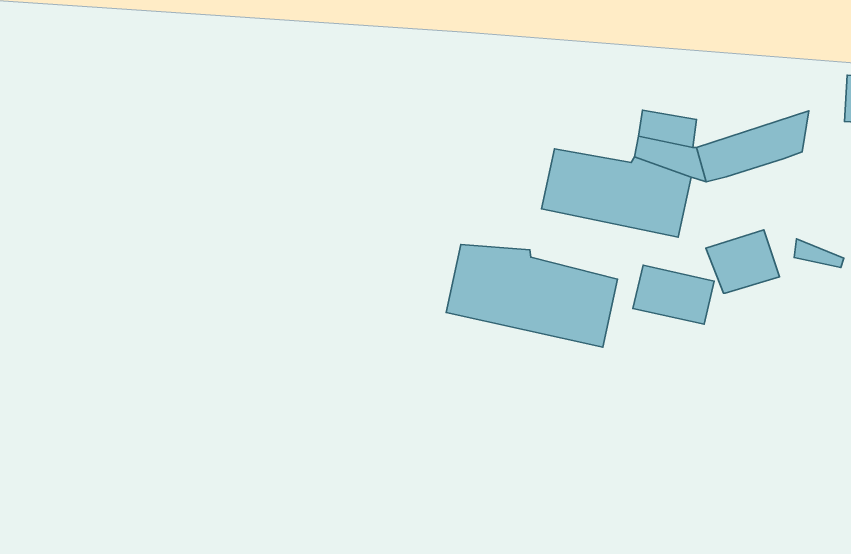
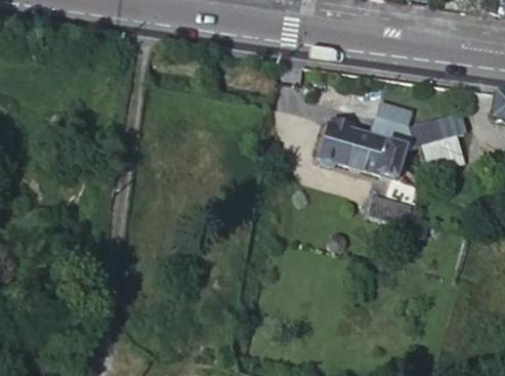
building: [706,230,780,293] -> [423,135,463,169]
building: [446,244,617,347] -> none

